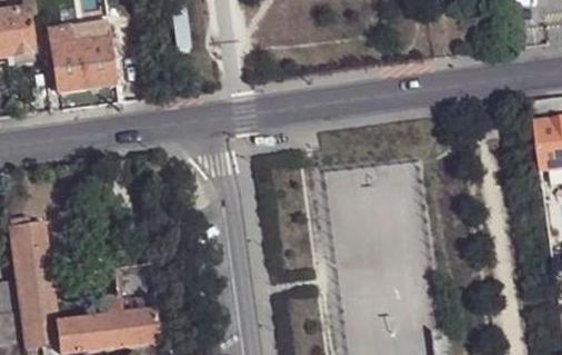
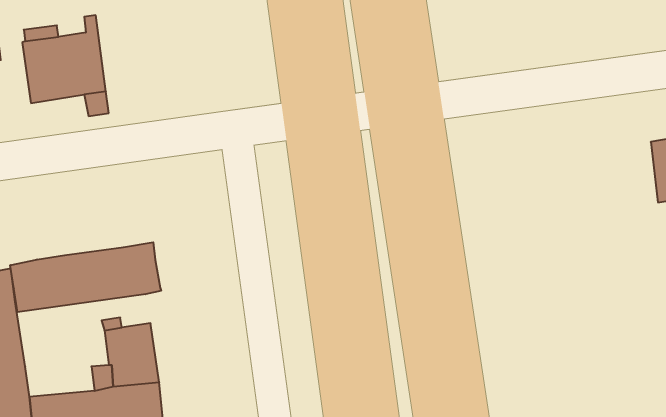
building: none -> [10,242,161,312]

